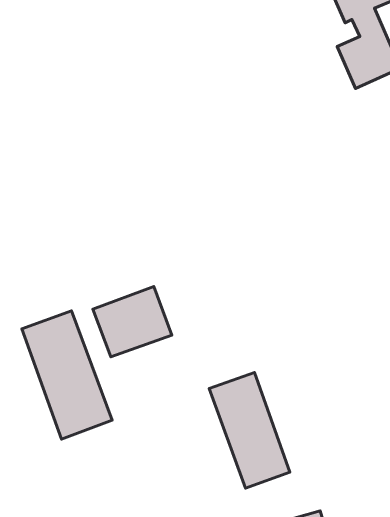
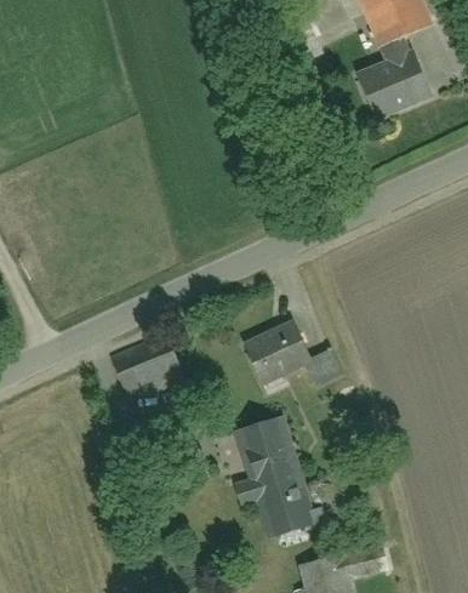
building: none -> [246,318,344,388]
building: [22,311,112,439] -> none

